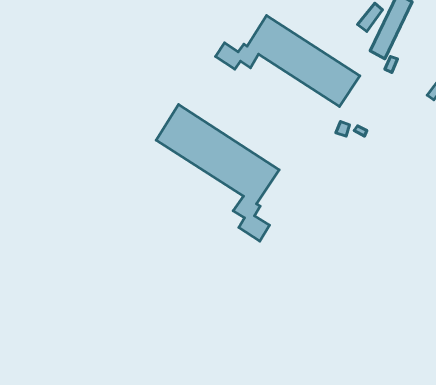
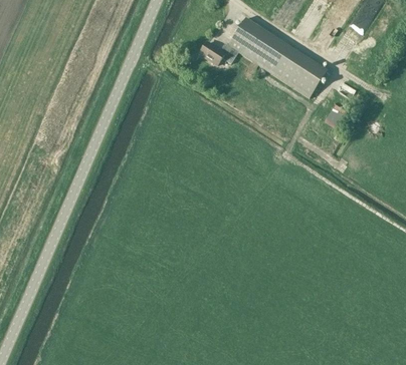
building: [156,105,279,241] -> none

